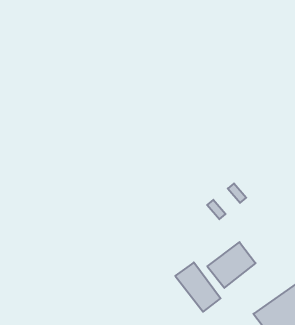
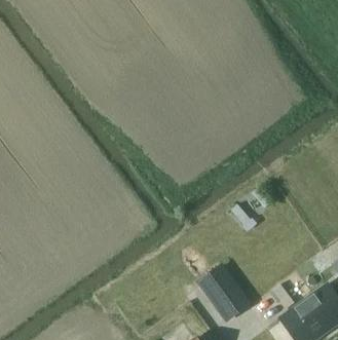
building: [207,242,256,288] -> none

